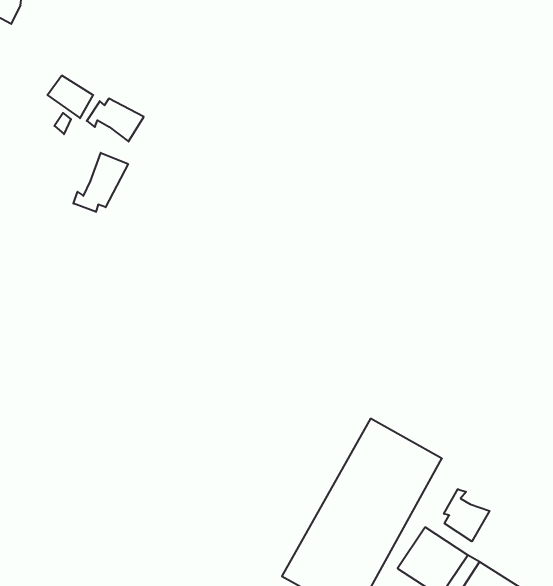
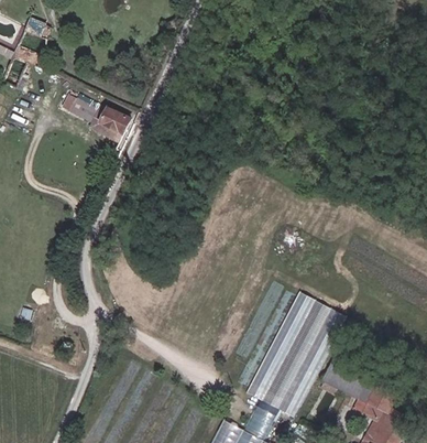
building: [73,153,128,212] -> none
building: [444,489,490,541] -> none

